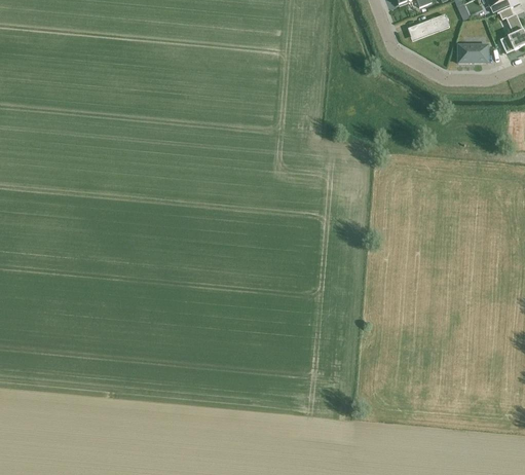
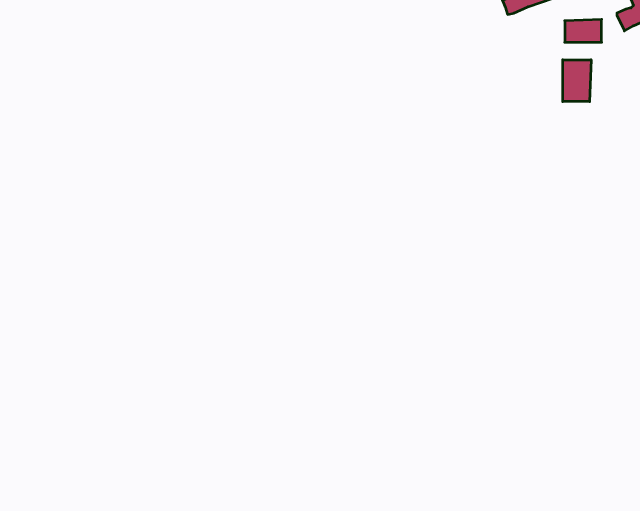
building: none -> [563,60,591,102]

